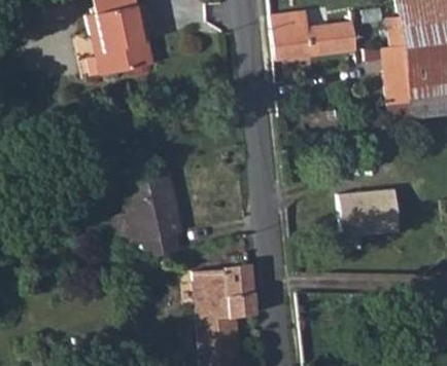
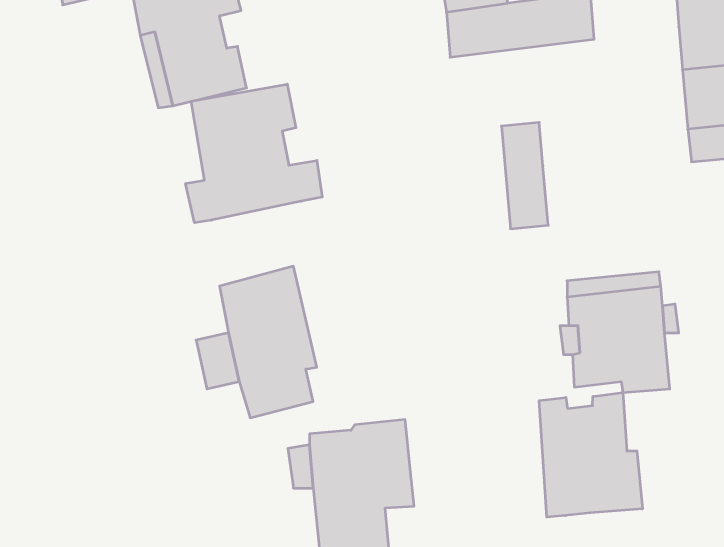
building: [381,38,408,99] -> [501,122,548,229]
building: none -> [186,84,322,223]
building: none -> [539,392,642,517]

